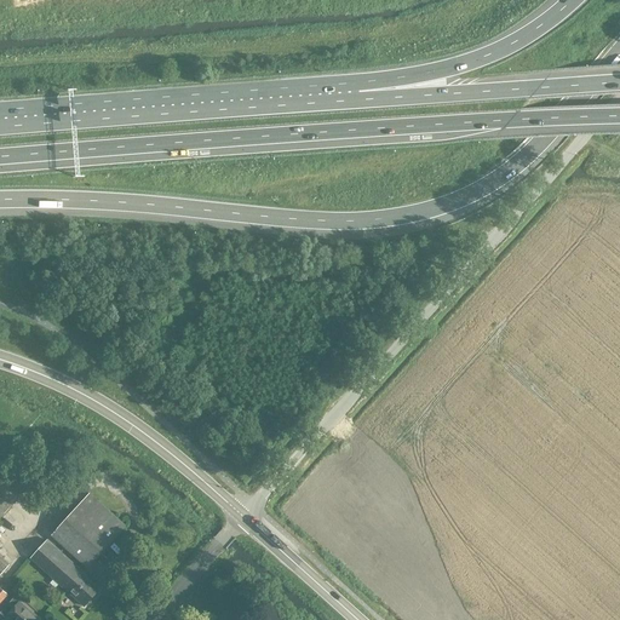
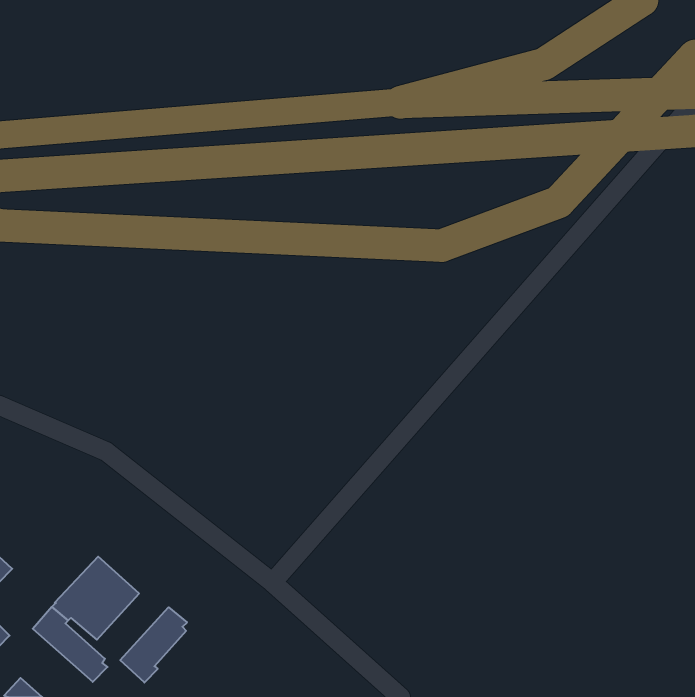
building: none -> [120,607,187,683]

